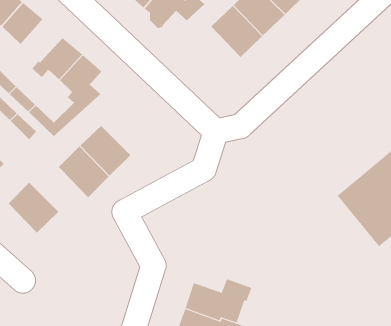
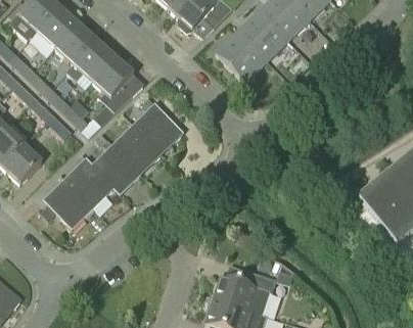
building: none -> [56,24,96,64]
building: none -> [216,31,266,82]
building: none -> [133,104,184,153]
building: none -> [64,158,121,207]

